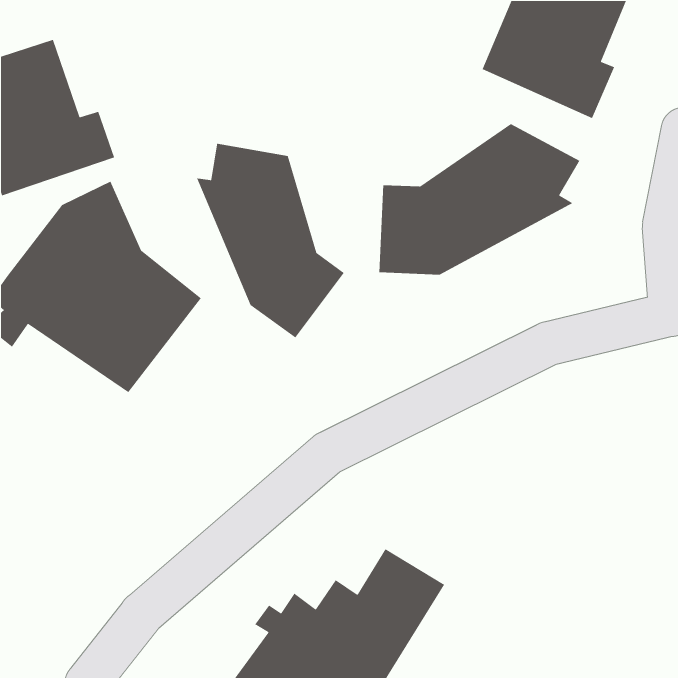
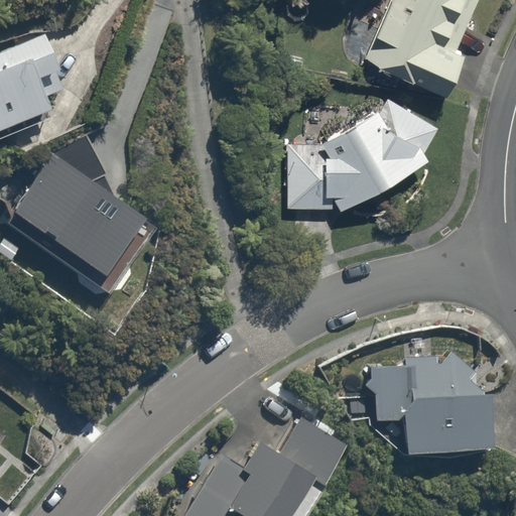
building: [196,143,345,339] -> none
building: none -> [366,354,487,456]

